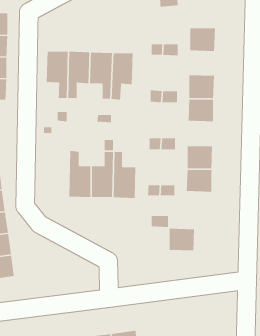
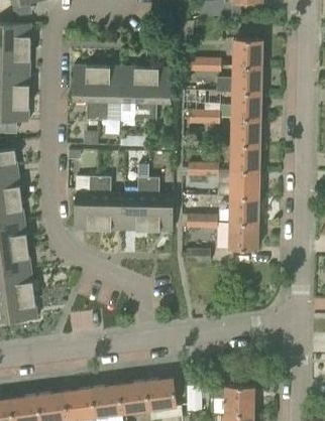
building: none -> [216,66,261,94]
building: none -> [230,145,260,172]
building: none -> [75,177,99,230]
building: [169,228,195,251] -> [229,224,258,250]

